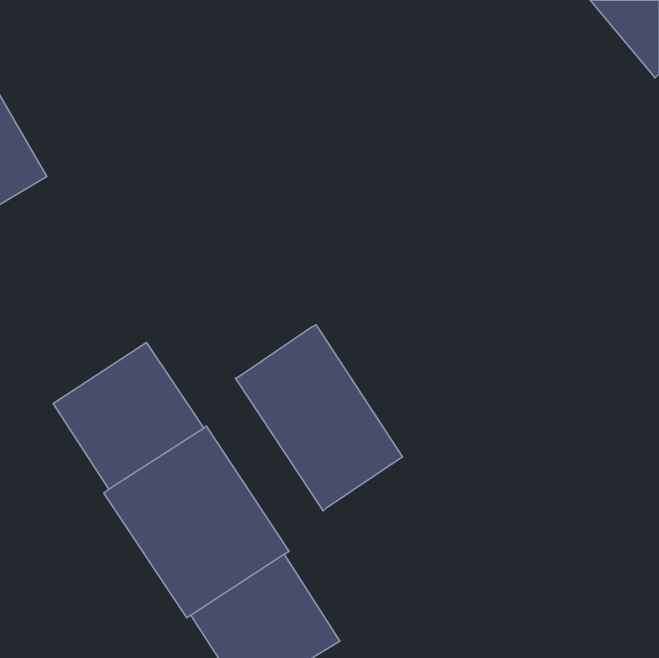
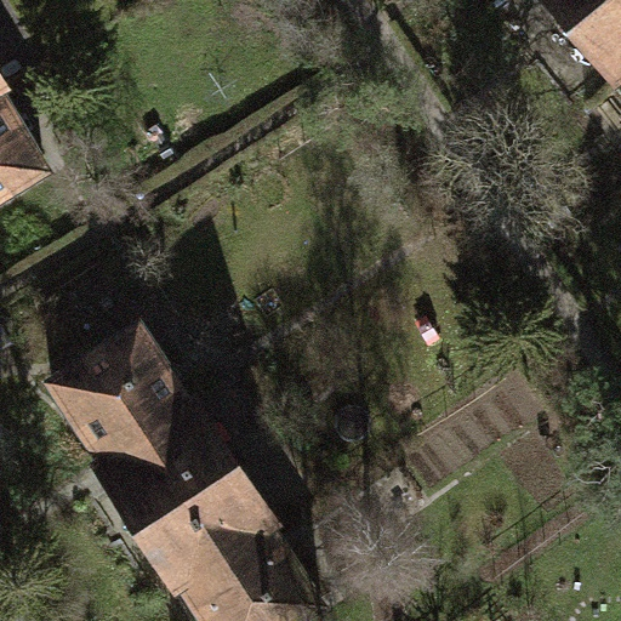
building: [236,325,402,511] -> none

